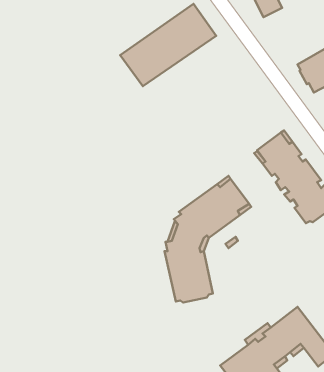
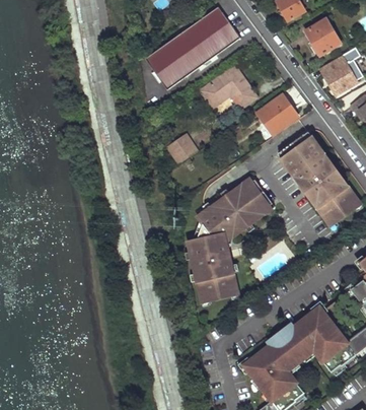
building: none -> [304,17,340,55]
building: none -> [198,64,254,108]
building: none -> [257,94,297,134]
building: none -> [166,133,198,163]

